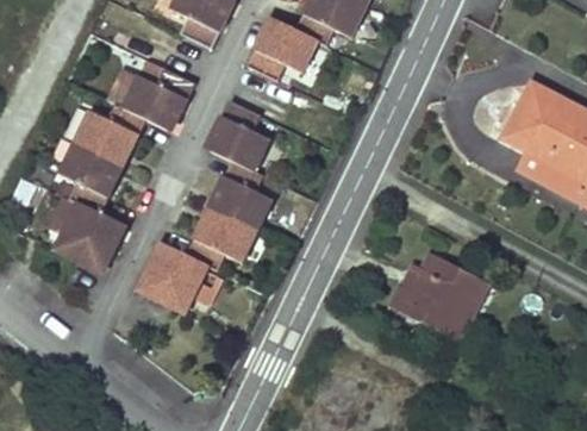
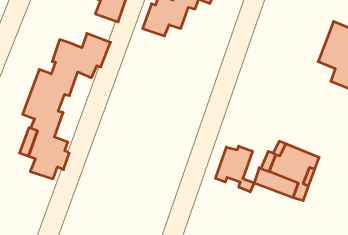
building: [143,96,271,312] -> none
building: none -> [216,146,254,192]

